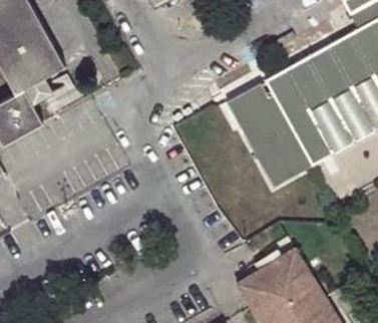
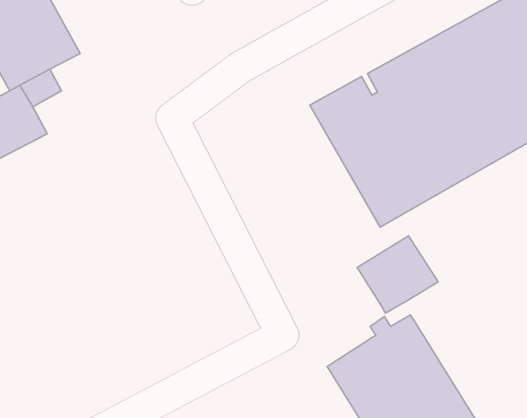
building: none -> [357,236,438,313]

